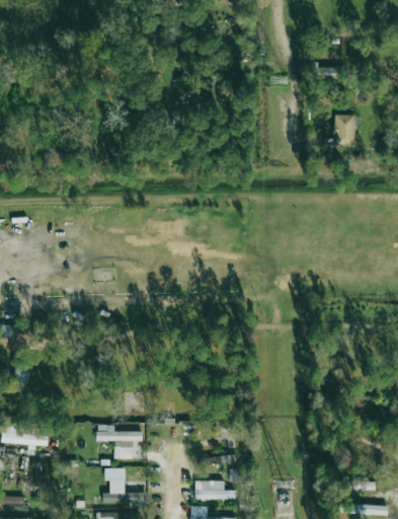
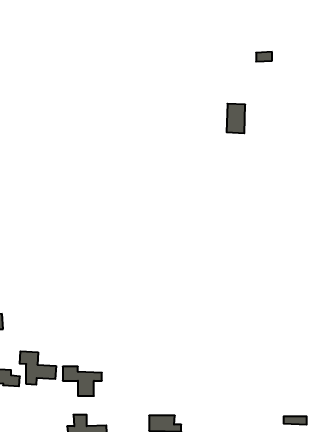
building: [334,114,355,147] -> [227,104,245,133]
building: none -> [20,351,56,385]

